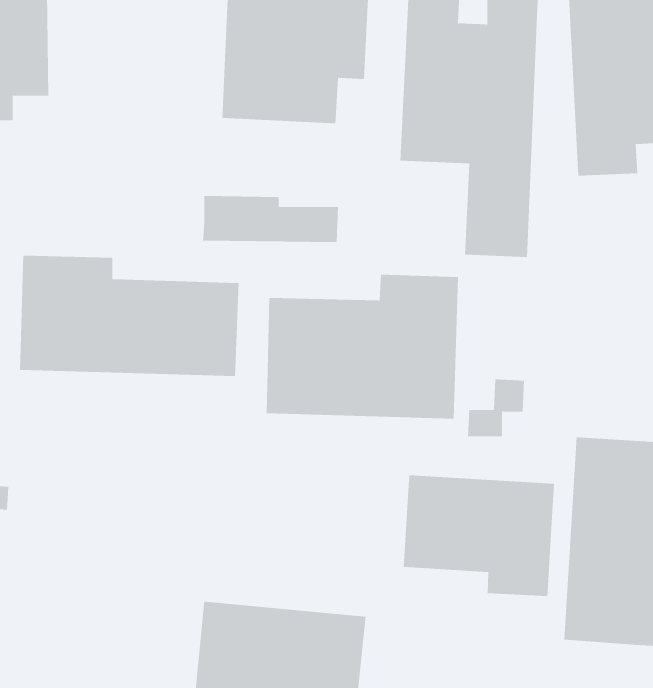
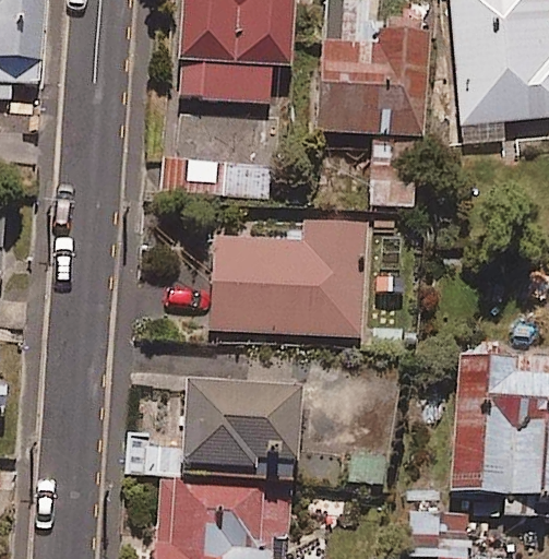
building: [20,255,239,377] -> none
building: [403,475,554,597] -> none
building: none -> [126,383,300,481]

